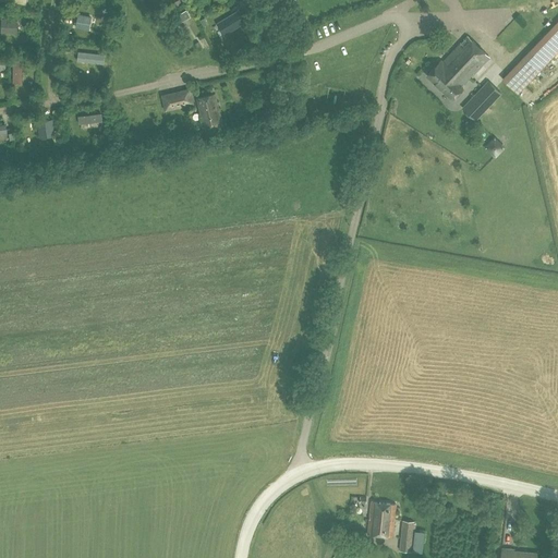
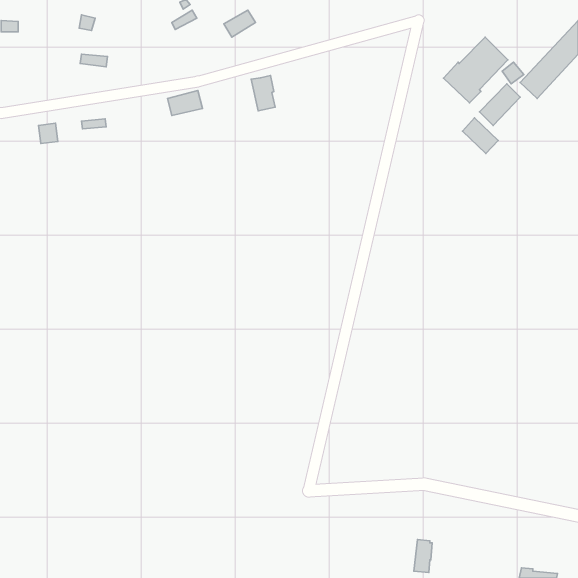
building: [197,94,220,128] -> [251,76,275,111]
building: none -> [462,118,498,154]
building: [367,501,396,536] -> none

